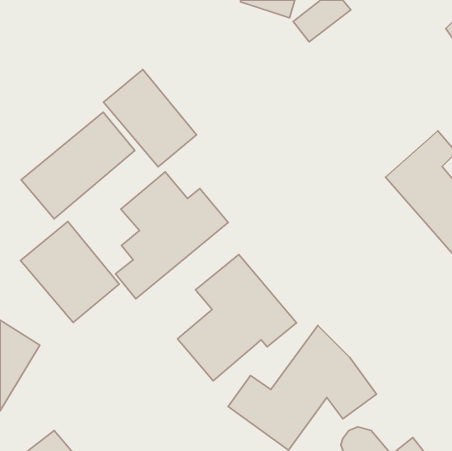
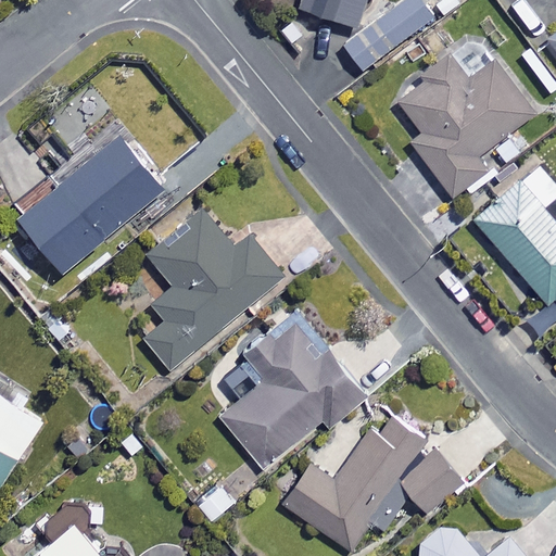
building: none -> [396,54,532,194]
building: [103,69,196,167] -> none
building: [21,221,119,322] -> none

